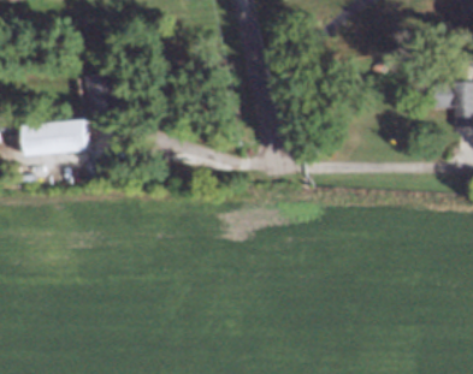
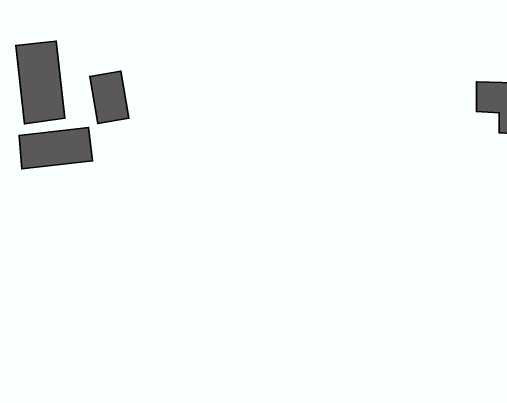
building: none -> [16,41,65,124]

